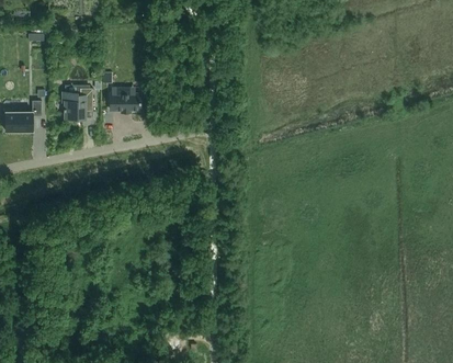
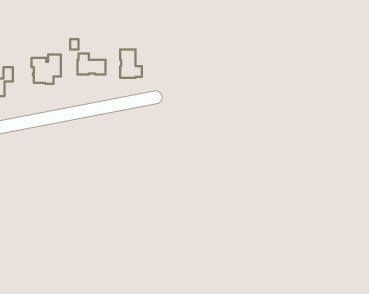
building: none -> [120,49,142,78]

